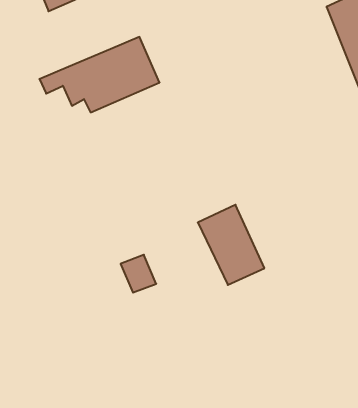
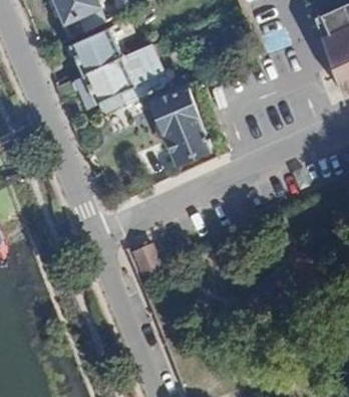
building: none -> [70,26,120,72]
building: [198,205,264,285] -> [153,91,214,164]

